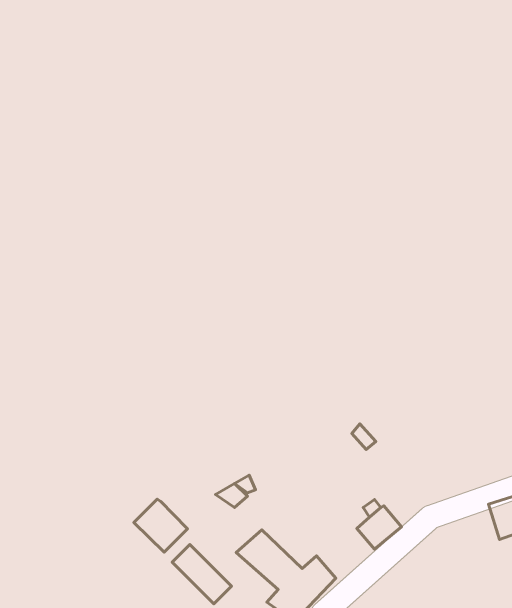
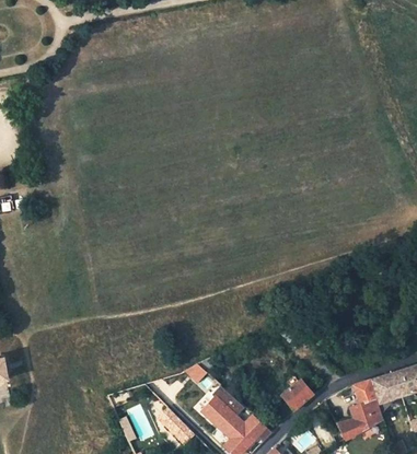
building: [134,499,188,552] -> none
building: none -> [337,381,382,440]

